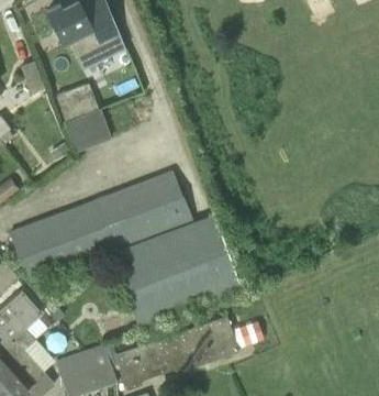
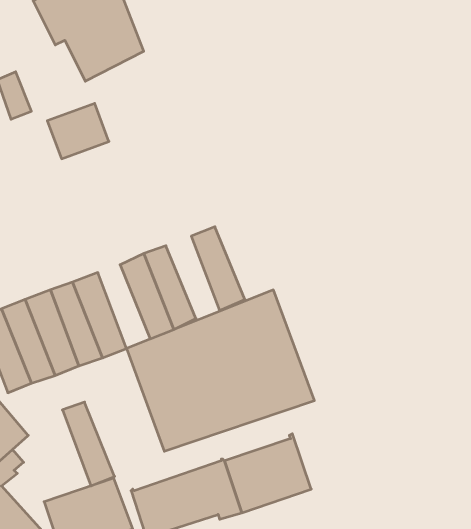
building: [66,110,111,151] -> none
building: [138,176,176,233] -> none
building: [91,196,127,254] -> [62,402,115,486]

